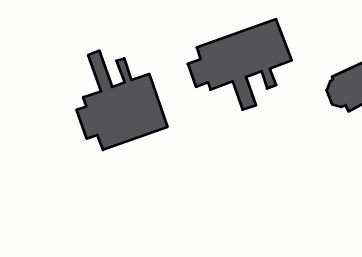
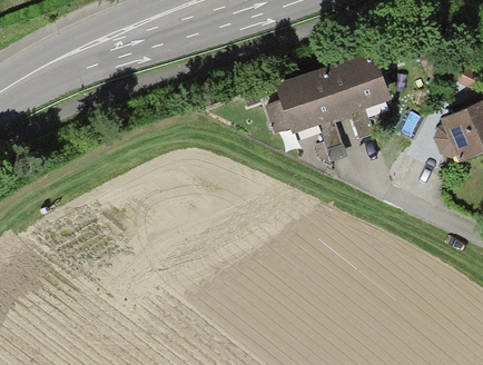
building: [77,51,167,150] -> none

